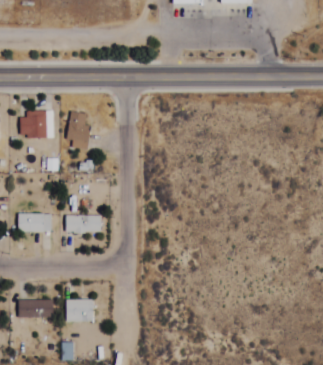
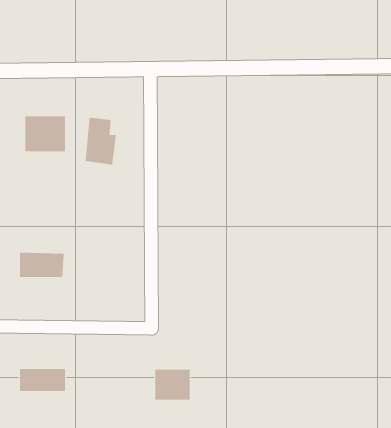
building: [65,214,100,232] -> none
building: [65,298,92,321] -> [154,369,191,400]

